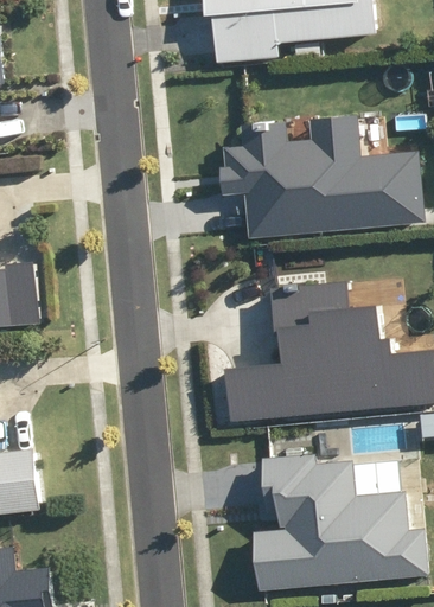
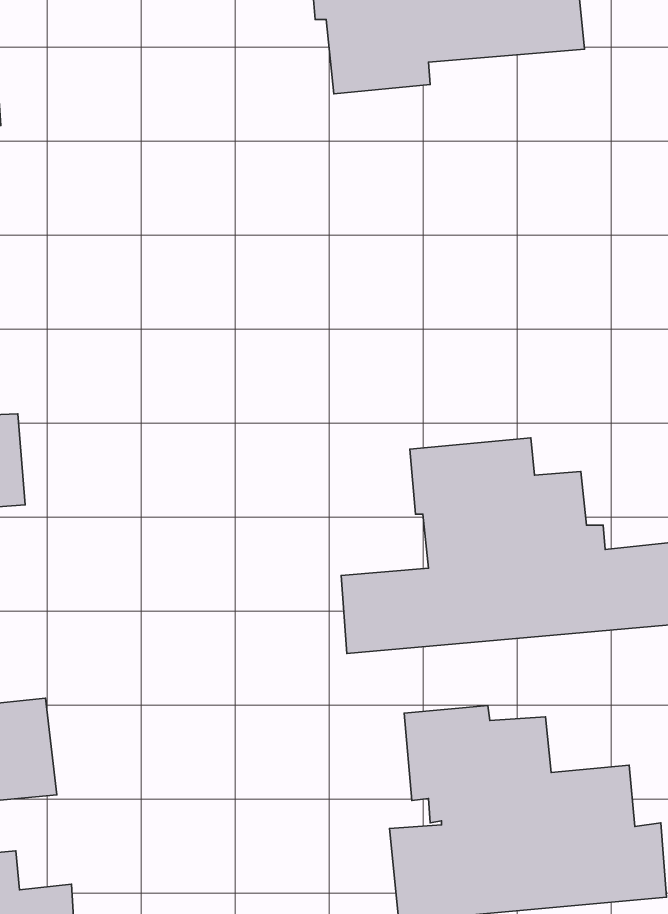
building: [221,115,426,238] -> none

